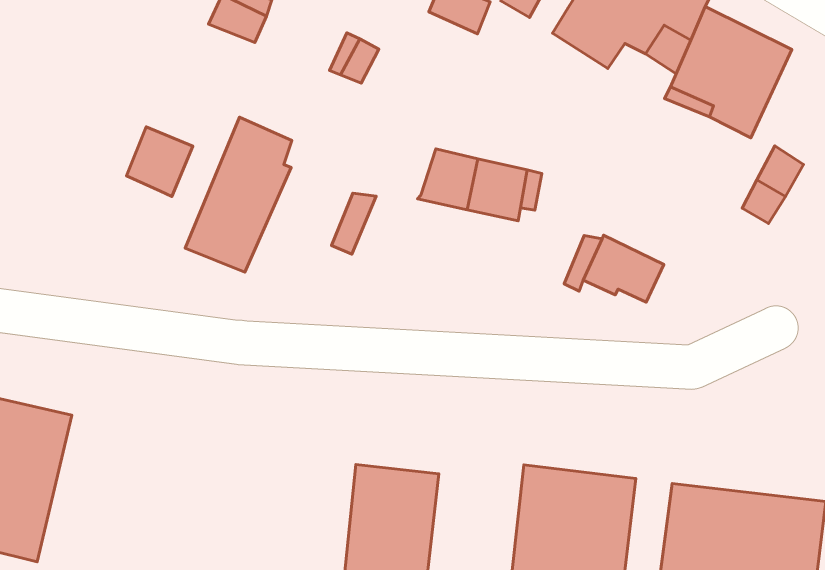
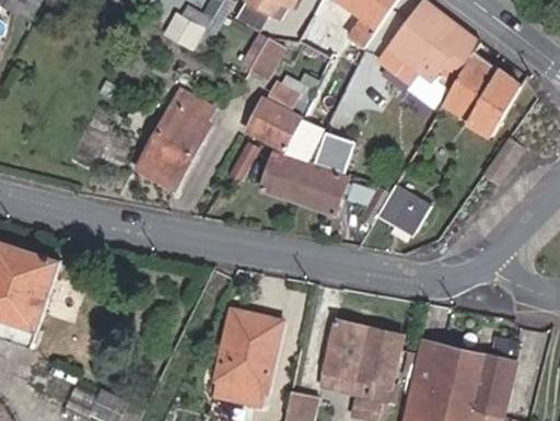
building: none -> [248,78,313,150]
building: [127,127,193,196] -> none
building: none -> [261,152,346,212]

